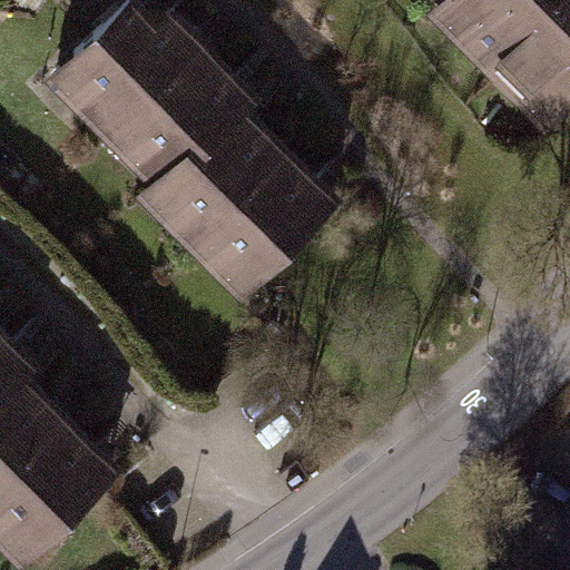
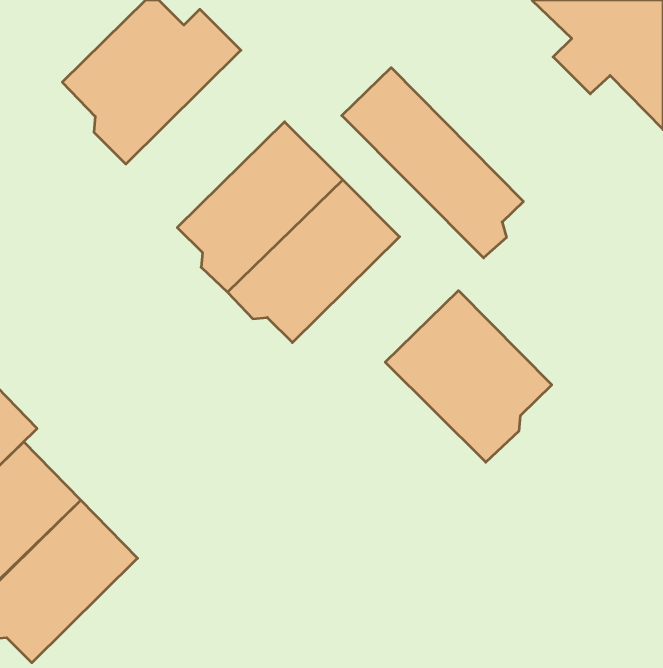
building: [106,49,250,187] -> none
building: none -> [342,68,523,258]
building: none -> [385,291,552,462]

